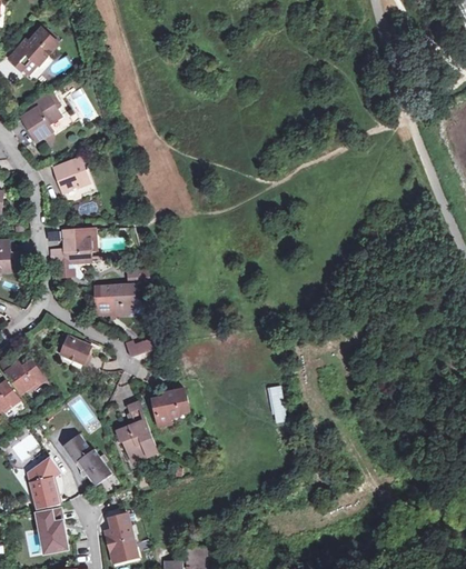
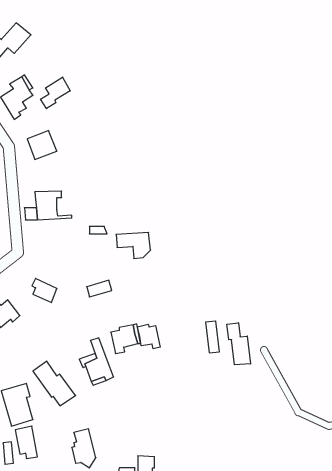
building: none -> [41,77,70,109]
building: [93,283,135,315] -> [116,232,151,258]
building: none -> [227,323,251,365]
building: none -> [138,324,160,349]

